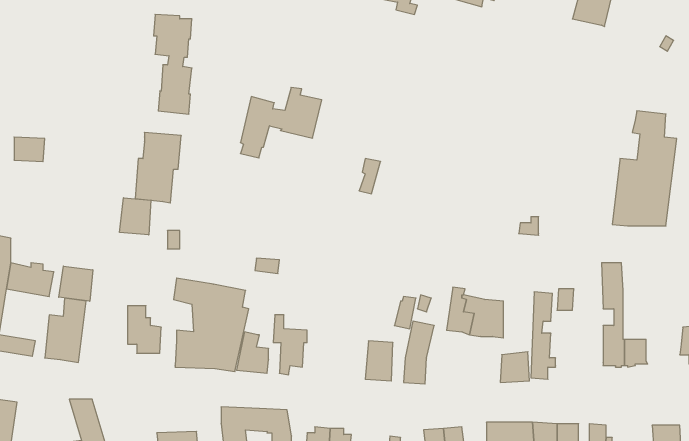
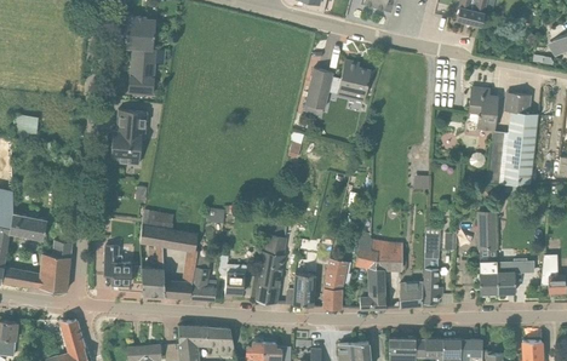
building: [240,87,322,158] -> [305,61,370,116]
building: none -> [466,88,497,131]
building: [120,198,151,235] -> none
building: [59,266,93,301] -> none
building: none -> [256,217,286,303]
building: none -> [360,267,384,309]

